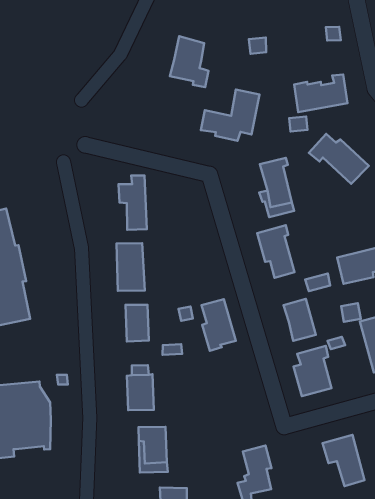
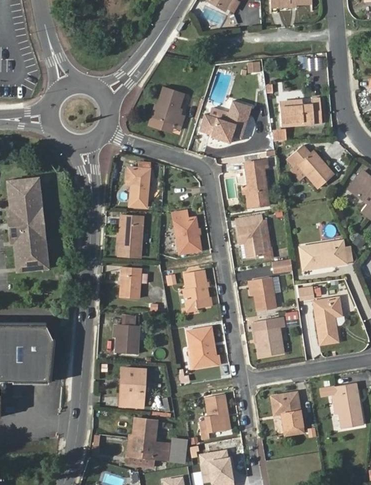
building: [170,36,208,87] -> [153,86,185,130]
building: none -> [173,212,201,254]
building: none -> [188,328,219,367]

